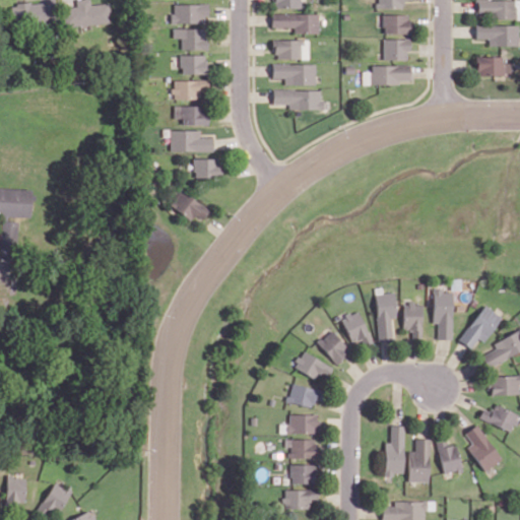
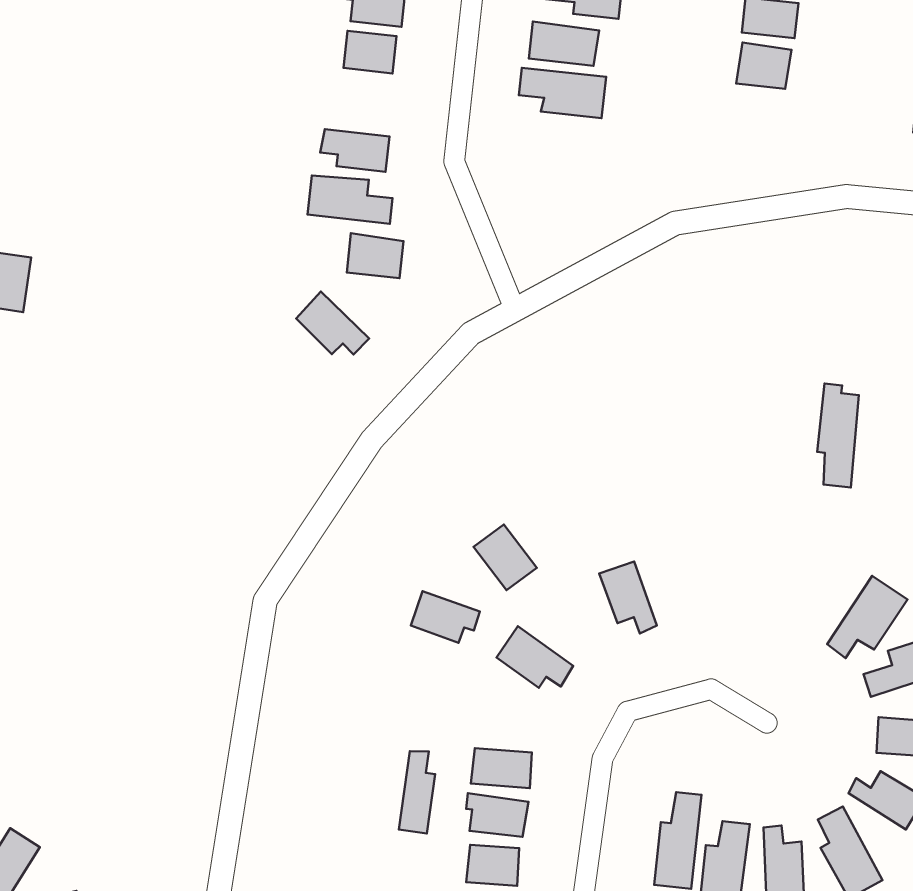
building: [363,65,411,85] -> none
building: [174,80,208,100] -> none
building: [273,89,325,110] -> none
building: [433,288,452,340] -> [817,383,859,487]
building: [375,294,395,339] -> none
building: [402,304,422,338] -> none
building: [316,330,349,364] -> [474,524,537,590]
building: [286,384,321,408] -> [411,591,480,643]
building: none -> [399,751,435,833]

